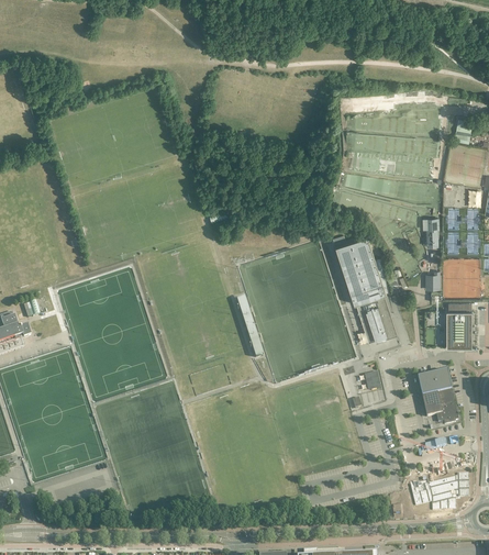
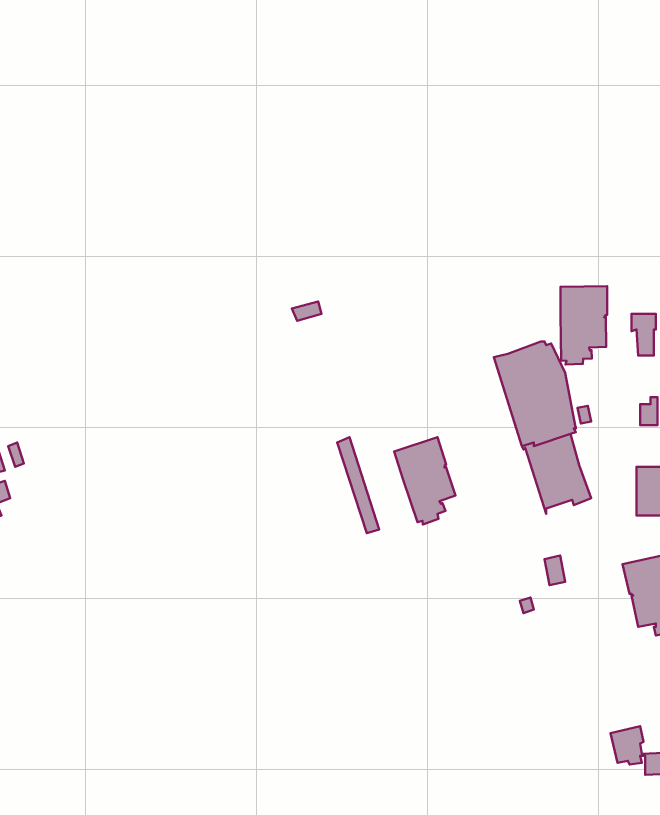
building: none -> [560,286,607,365]
building: none -> [394,437,455,525]

